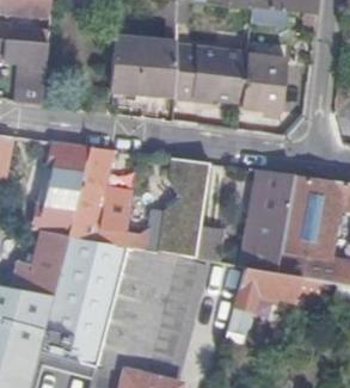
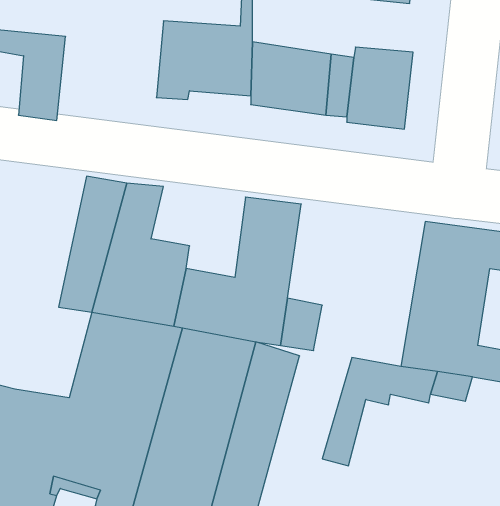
building: [242,170,295,273] -> none
building: [14,233,67,295] -> none

